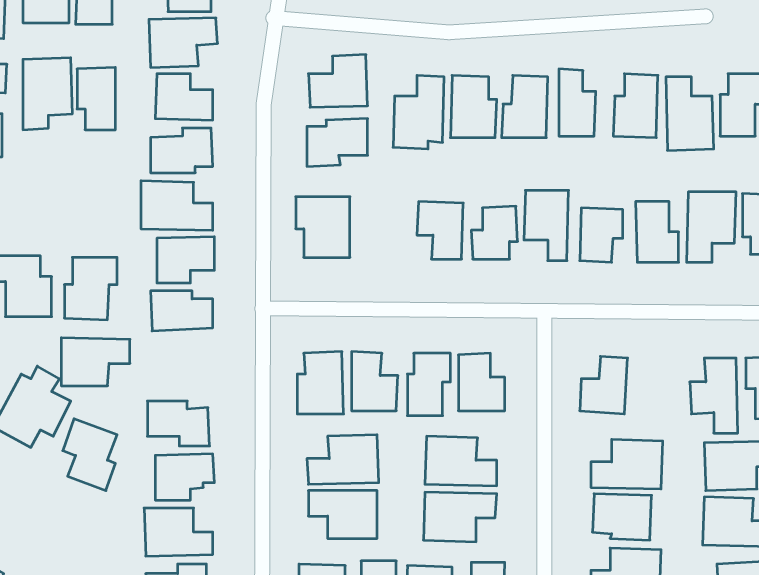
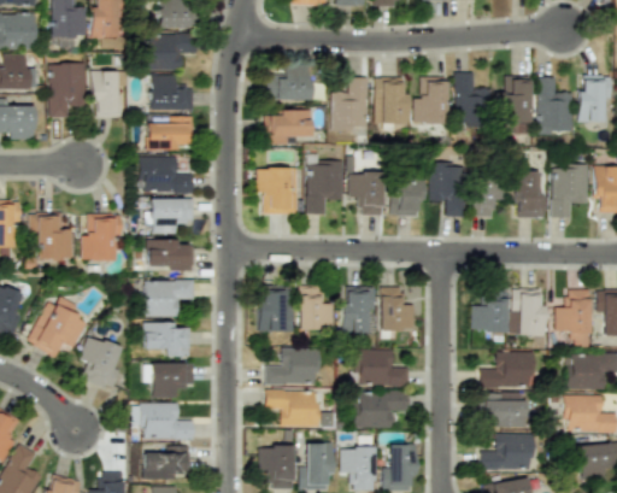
building: none -> [307,158,343,213]
building: [61,338,130,386] -> [143,280,195,316]
building: none -> [511,288,545,335]

